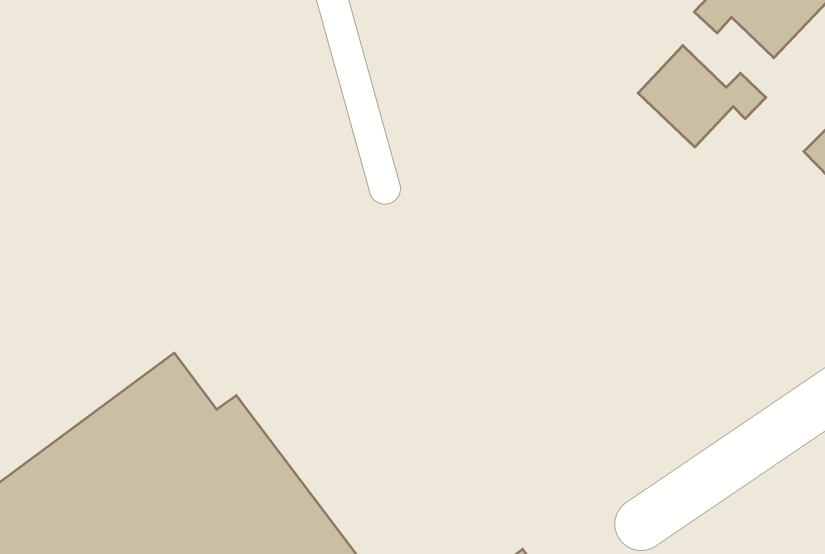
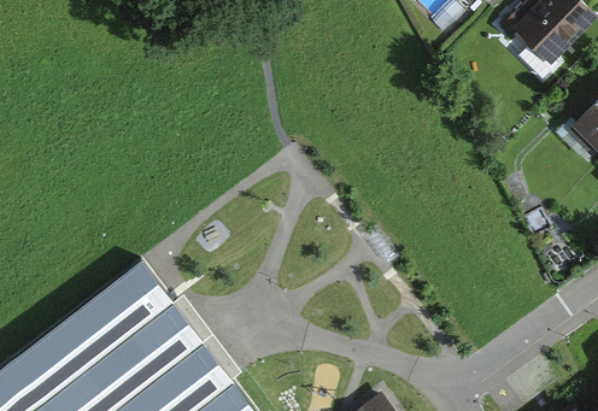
building: [638,45,766,147] -> none

